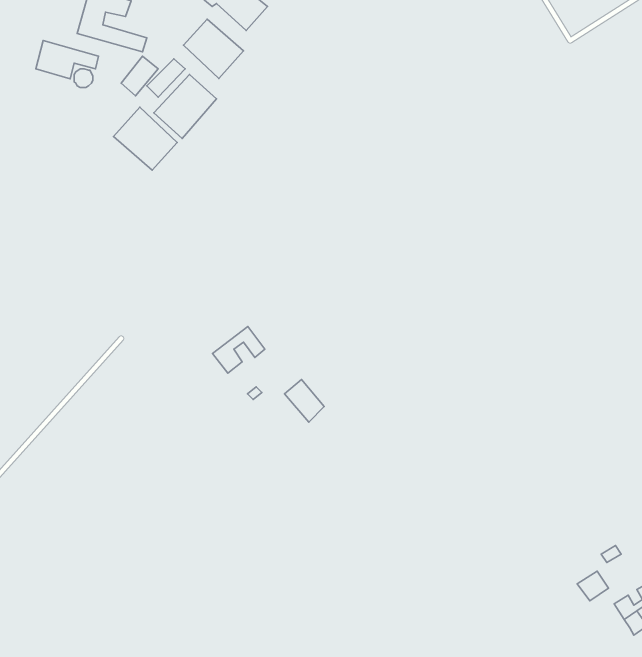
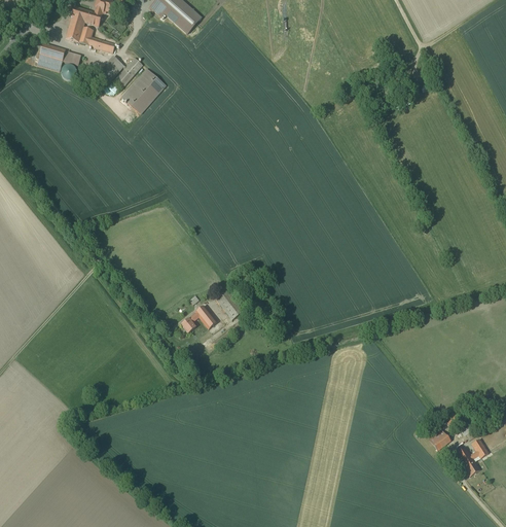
building: [184,19,244,78] -> none
building: [113,107,177,170] -> none
building: [212,326,265,373] -> [179,305,217,339]

